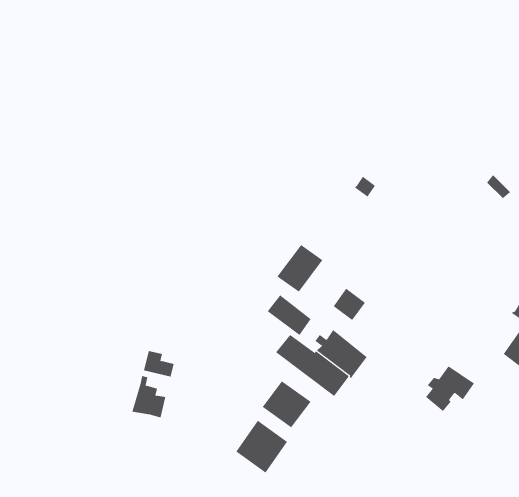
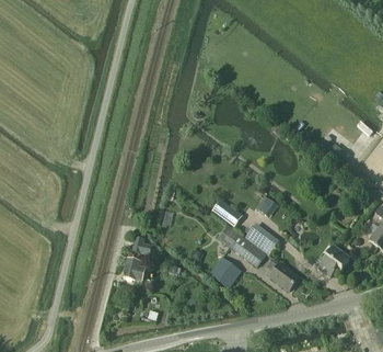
building: [277,244,323,292] -> none
building: none -> [265,259,298,291]
building: [236,420,288,474] -> none

